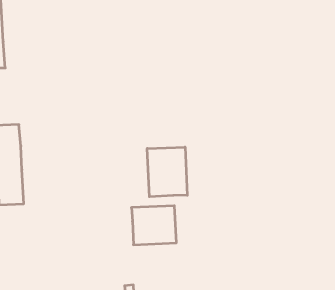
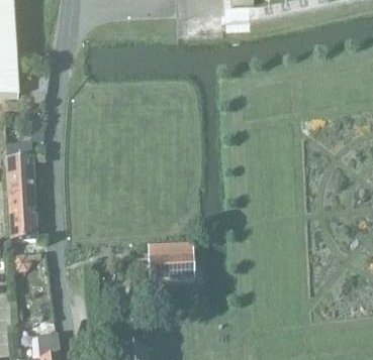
building: [147,147,187,197] -> none

